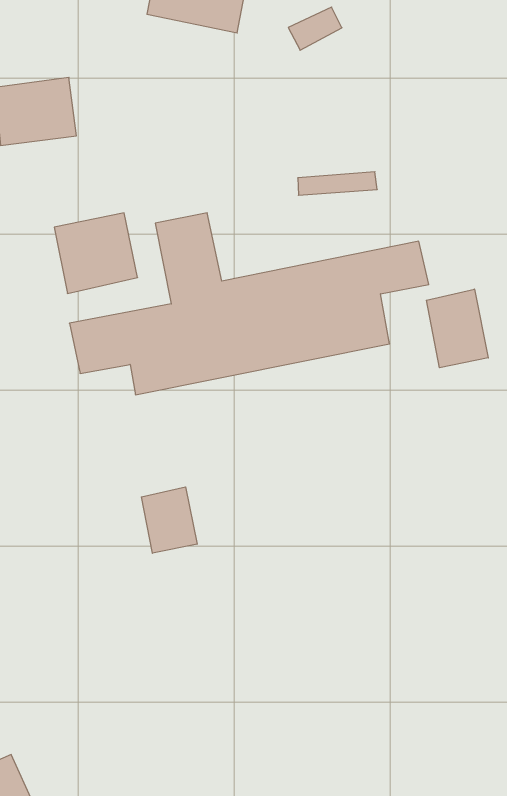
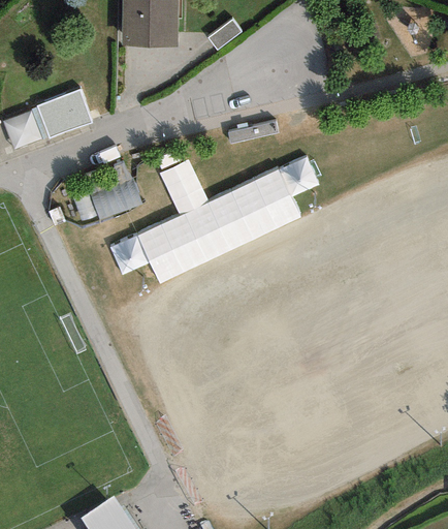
building: [426,289,488,368] -> none
building: [141,487,197,553] -> none

